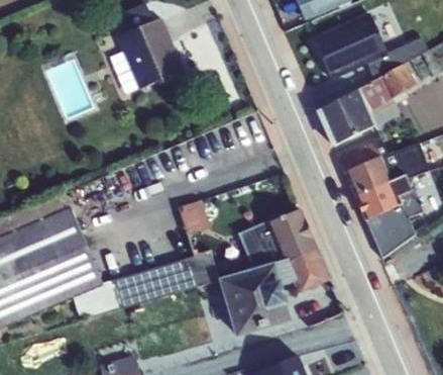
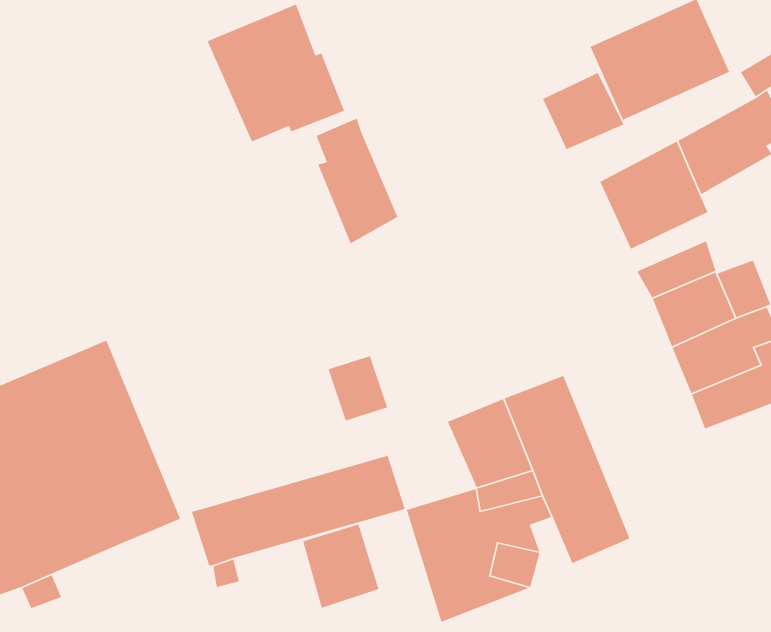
building: none -> [541,72,625,150]
building: none -> [315,117,398,244]
building: [73,281,116,319] -> none
building: none -> [302,523,379,609]

